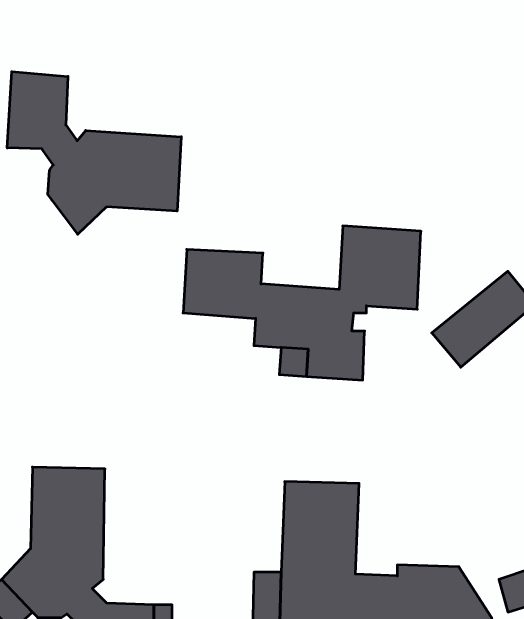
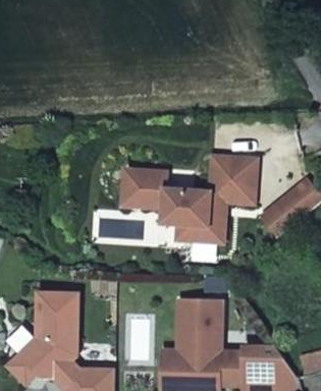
building: [7,72,181,234] -> none

